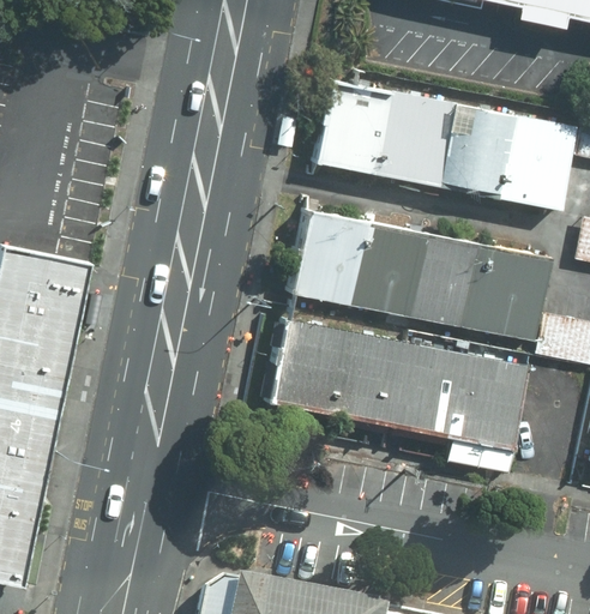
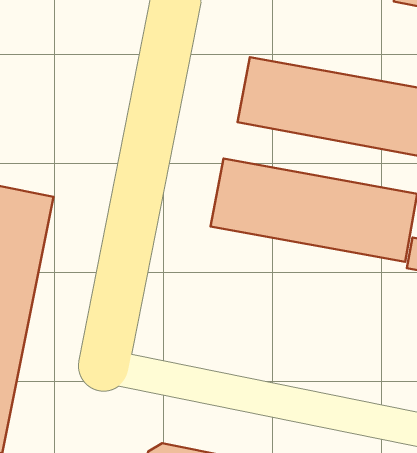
building: [266,317,529,451] -> none

